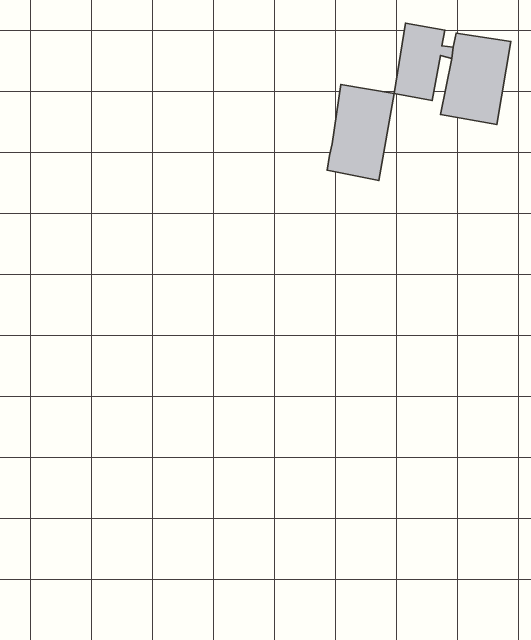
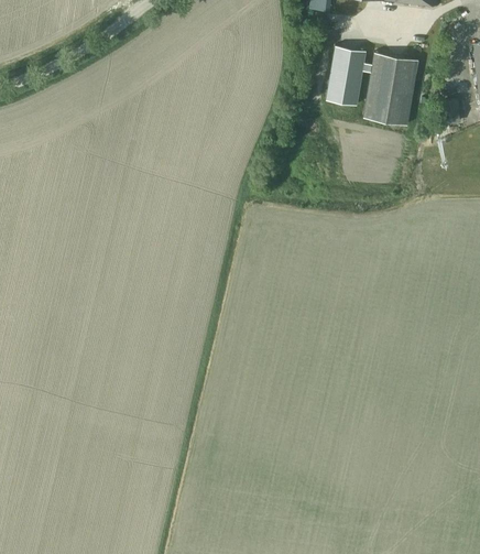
building: [327,84,394,180] -> none

